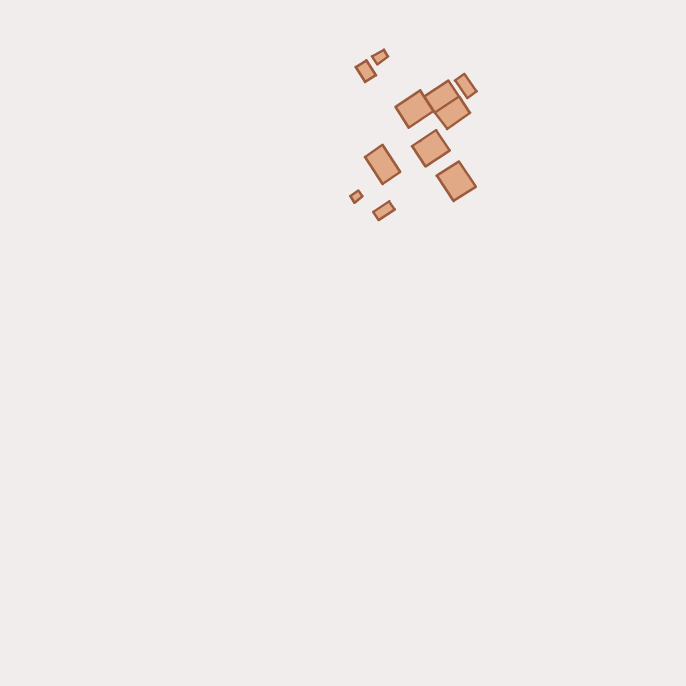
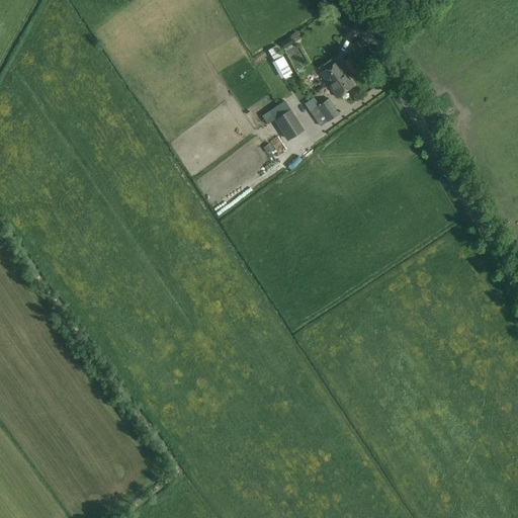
building: [396,90,433,128] -> none
building: [437,162,476,201] -> none

